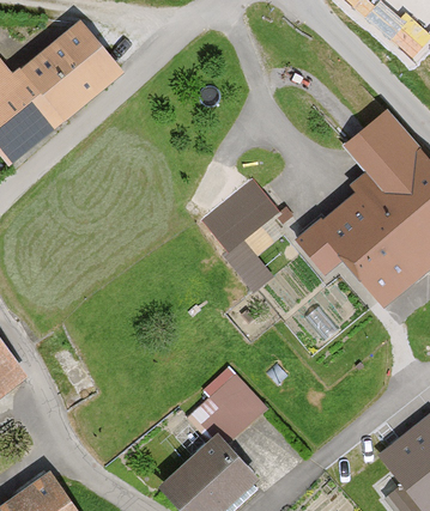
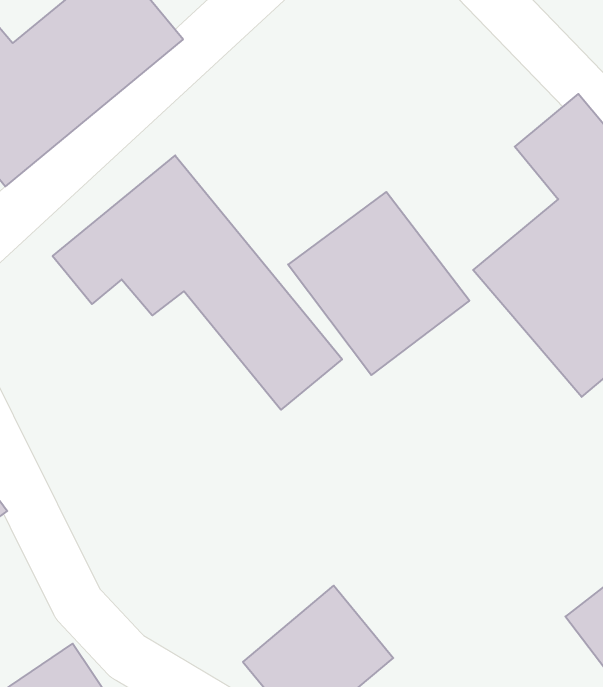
building: none -> [53,155,342,410]
building: [200,366,261,430] -> none

